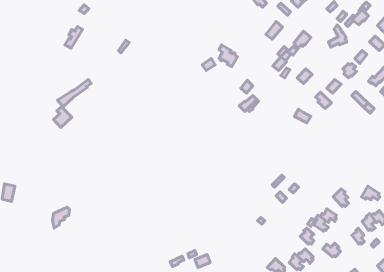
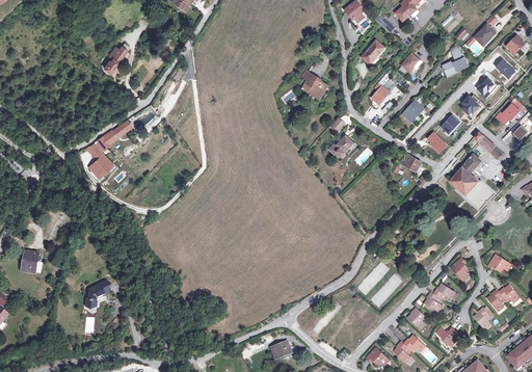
building: none -> [450,154,481,195]

